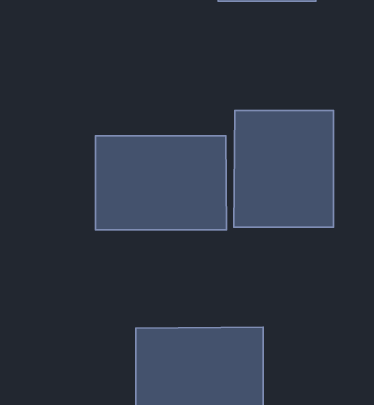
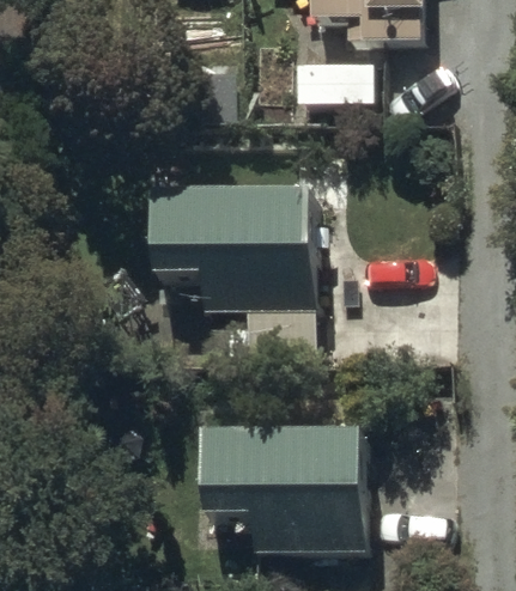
building: [234,111,334,227] -> none

